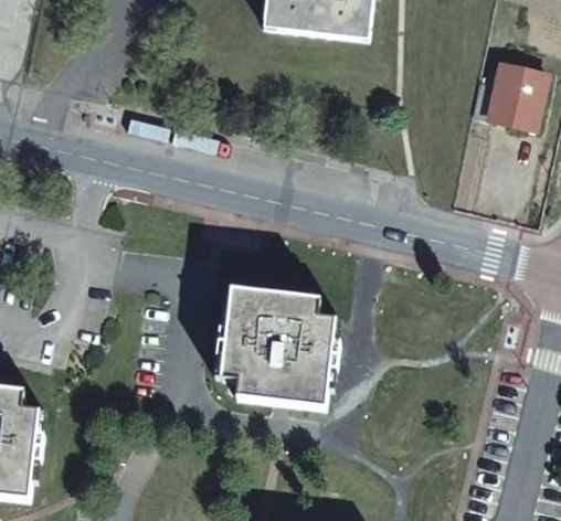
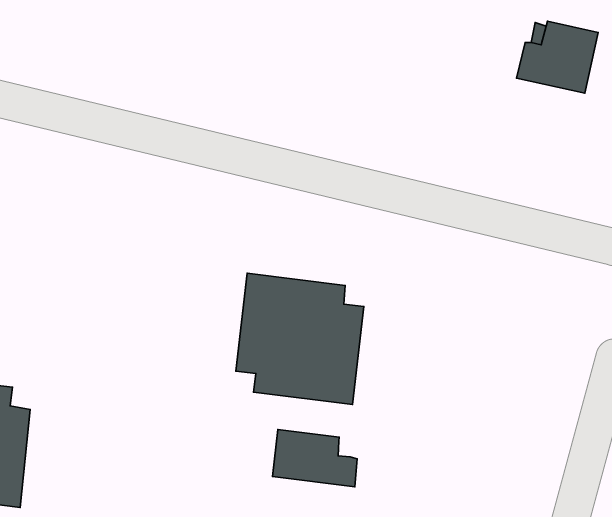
building: none -> [272,430,357,487]

